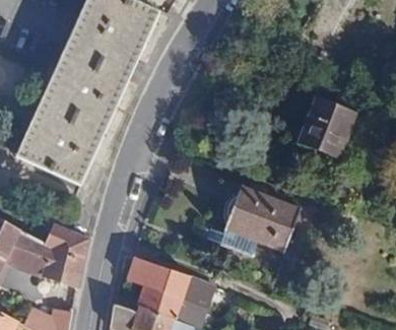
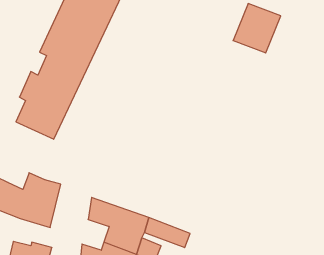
building: [299,101,353,157] -> [233,4,281,53]
building: [223,187,299,253] -> none

